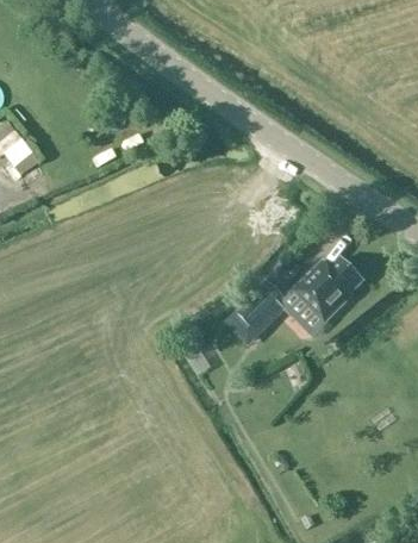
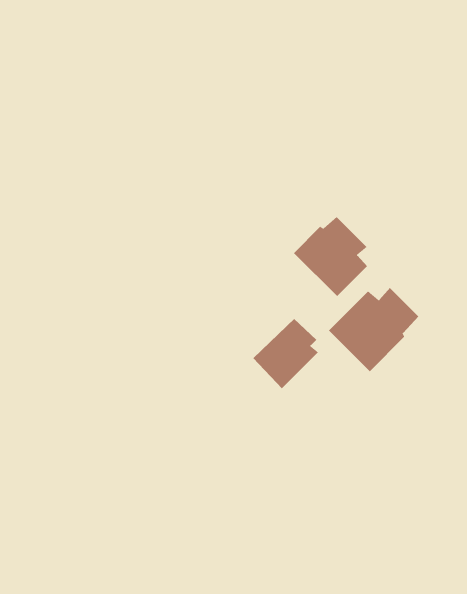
building: none -> [293,216,368,297]

